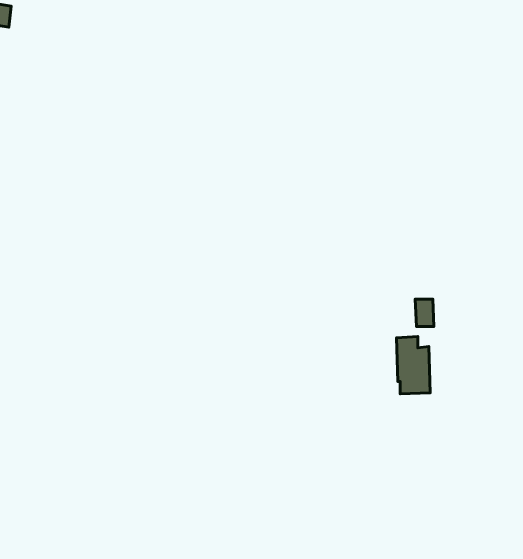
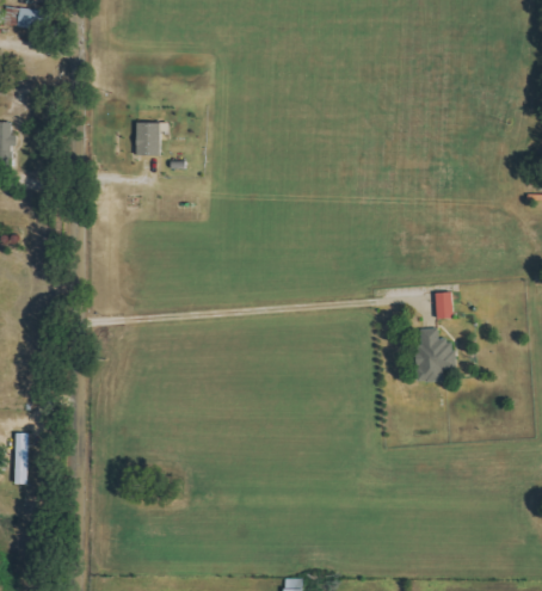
building: none -> [136,121,168,154]

